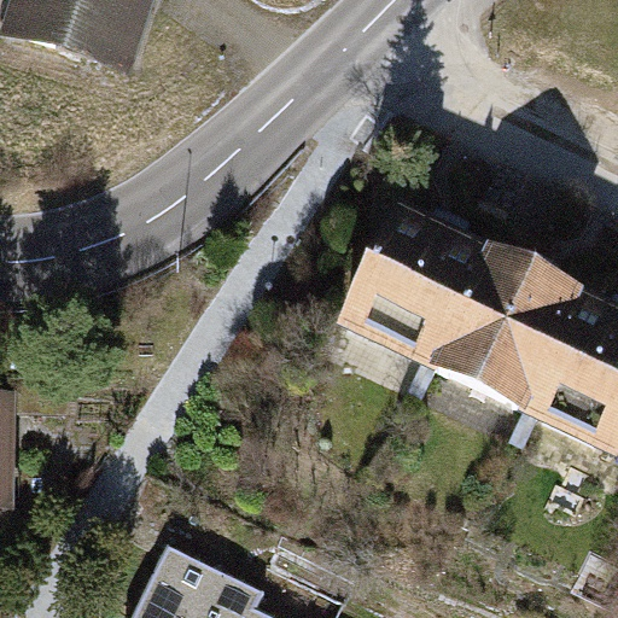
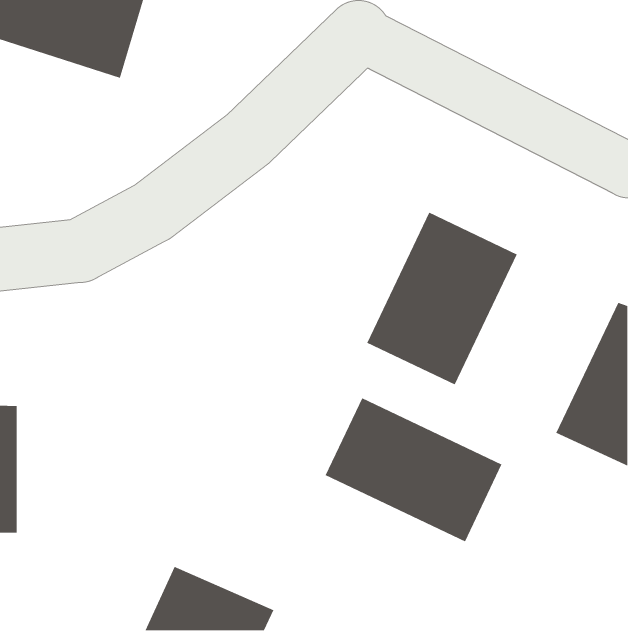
building: [438,245,595,418] -> none
building: none -> [325,397,503,543]

